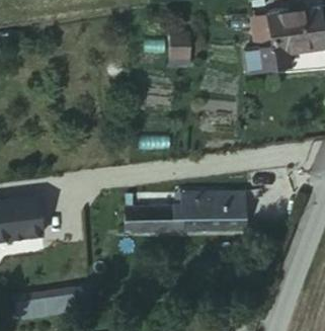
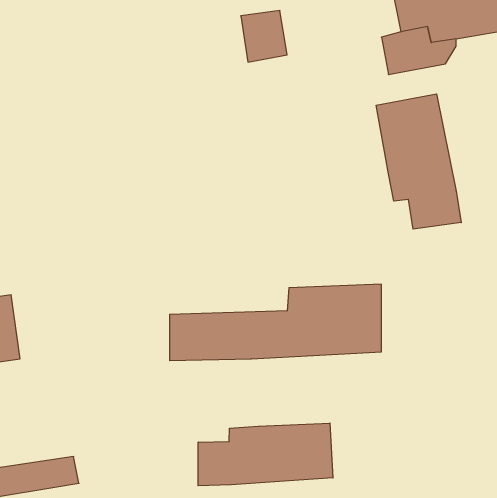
building: none -> [376,94,461,229]
building: none -> [198,423,333,486]

